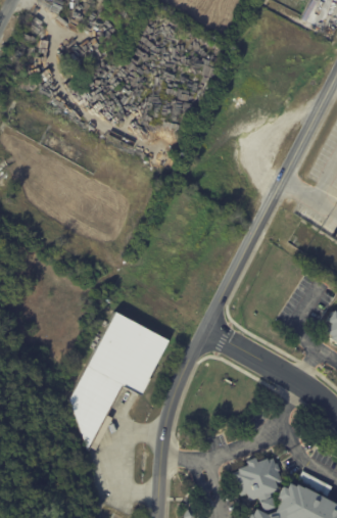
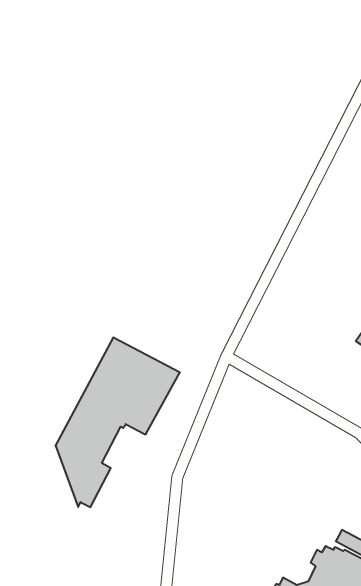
building: [232,458,281,511] -> none

